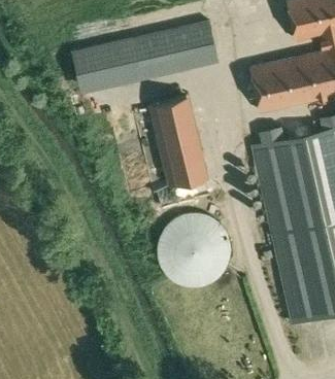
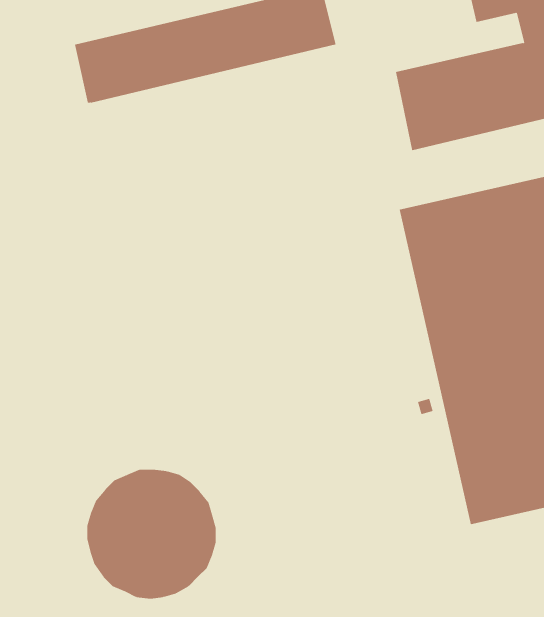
building: [149,99,209,188] -> none
building: [157,214,230,287] -> [86,469,217,599]

